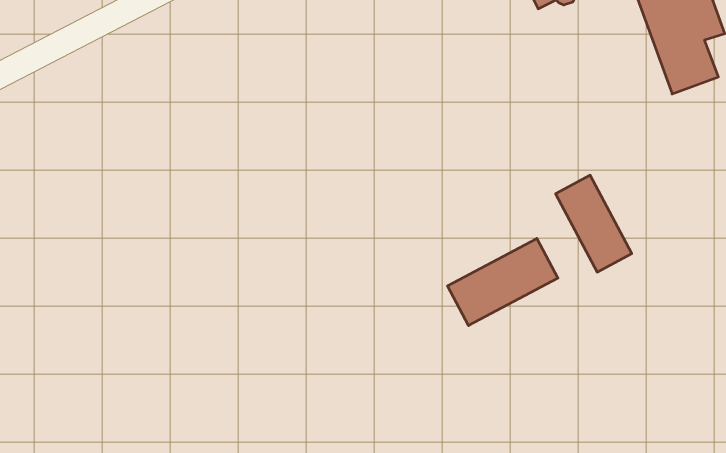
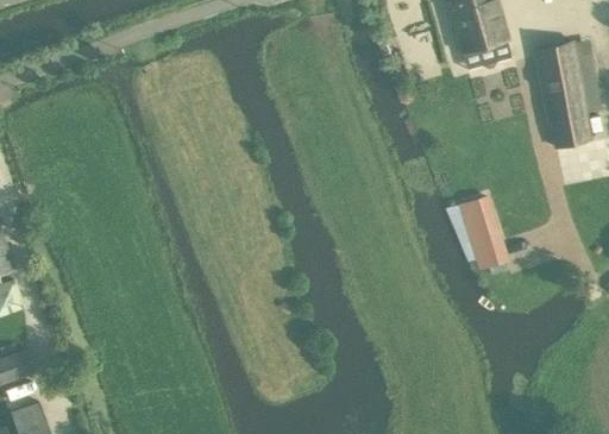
building: [448,238,558,326] -> none

